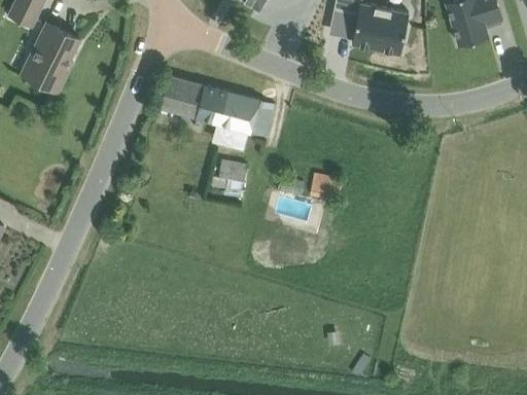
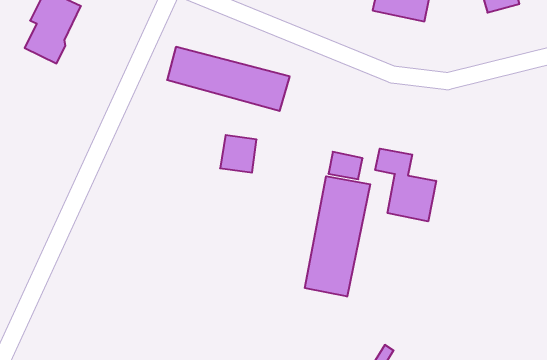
building: none -> [375,149,436,221]
building: none -> [305,176,370,297]

